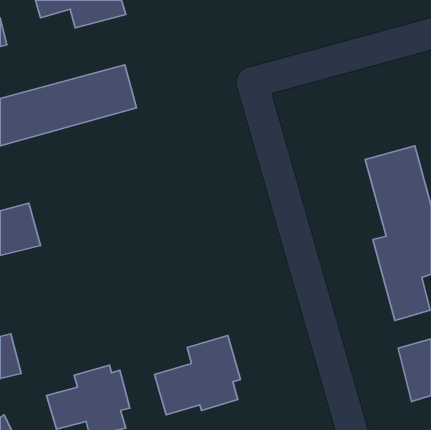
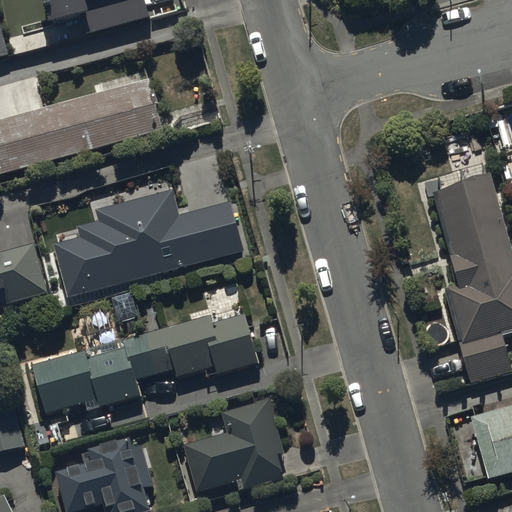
building: none -> [52,192,242,299]
building: none -> [33,314,259,413]

